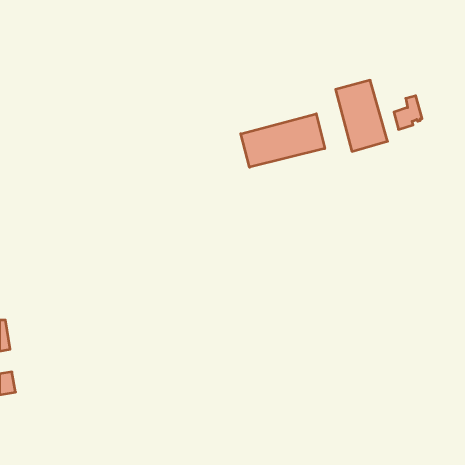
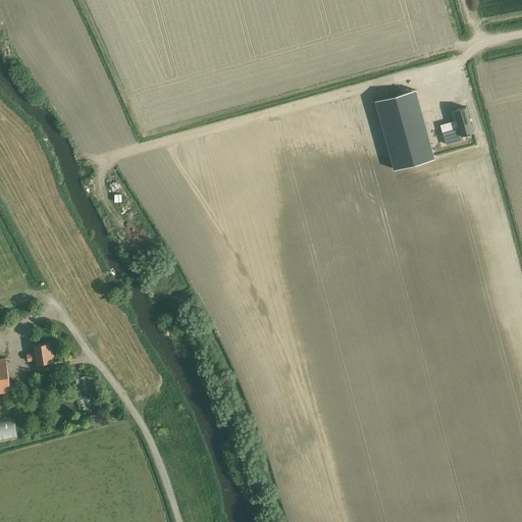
building: [241,114,325,167] -> none
building: none -> [27,344,54,365]

